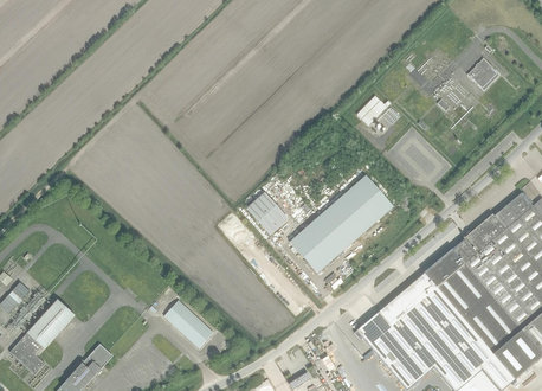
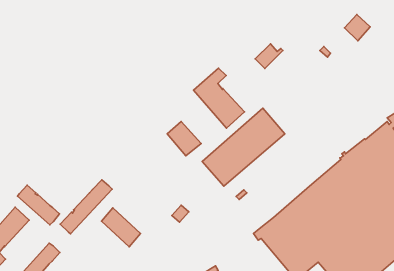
building: none -> [193,68,245,128]
building: none -> [60,180,112,234]
building: none -> [17,185,60,225]

